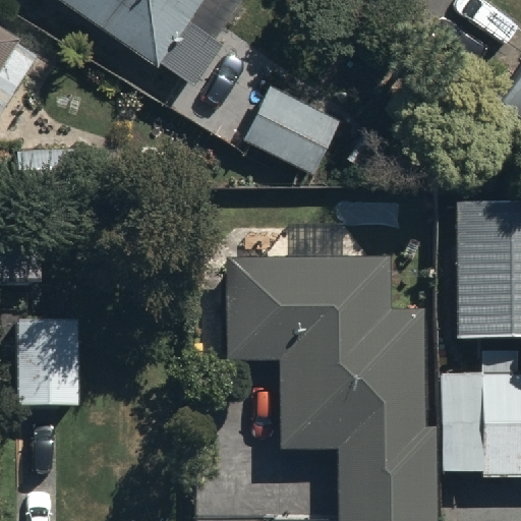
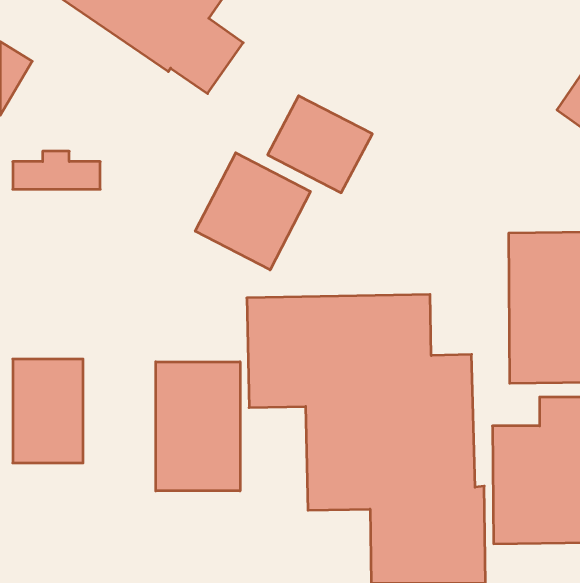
building: none -> [195,153,310,270]
building: none -> [156,362,240,491]

